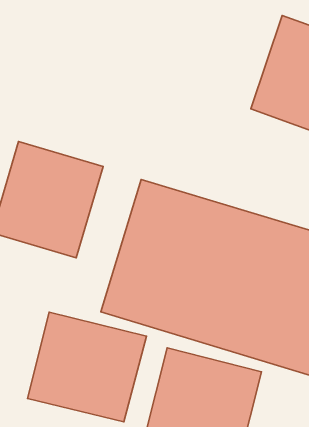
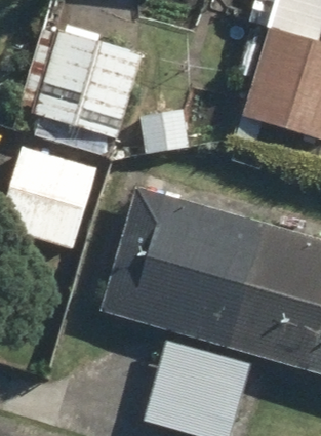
building: none -> [28,26,143,138]
building: [27,312,147,422] -> none

